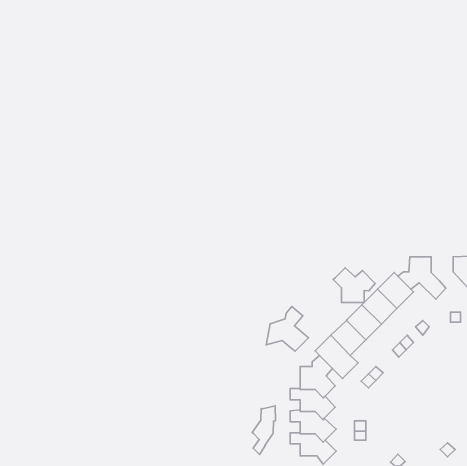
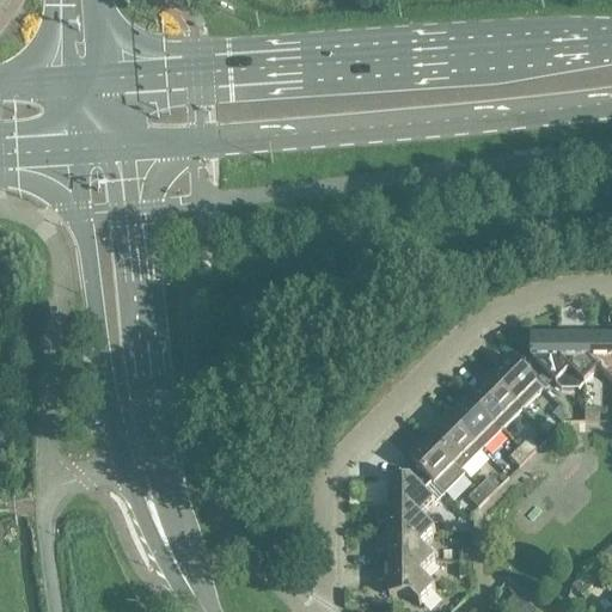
building: none -> [564,333,604,379]
building: [333,268,375,303] -> none
building: [266,307,308,351] -> none
building: [252,406,276,454] -> none

